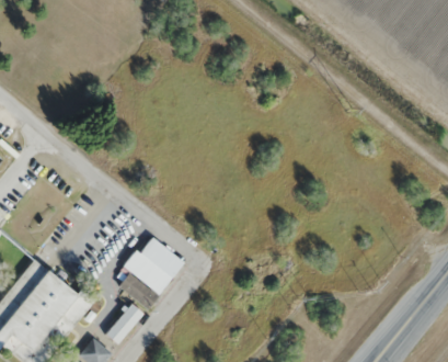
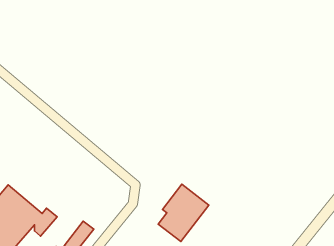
building: [120,236,184,308] -> [158,184,209,242]

